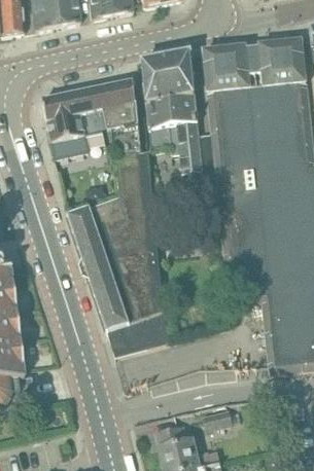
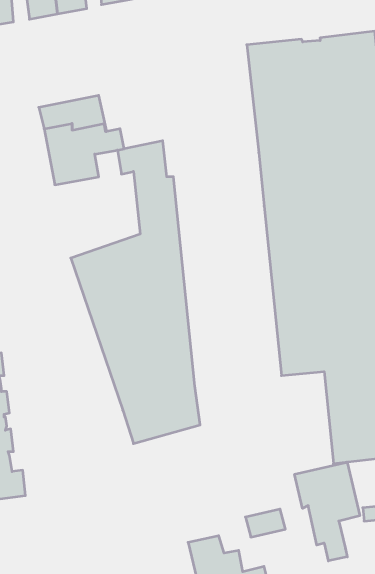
building: [142,50,216,175] -> none
building: [89,78,138,129] -> none
building: none -> [295,462,360,561]

